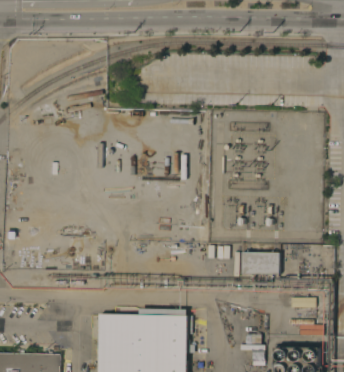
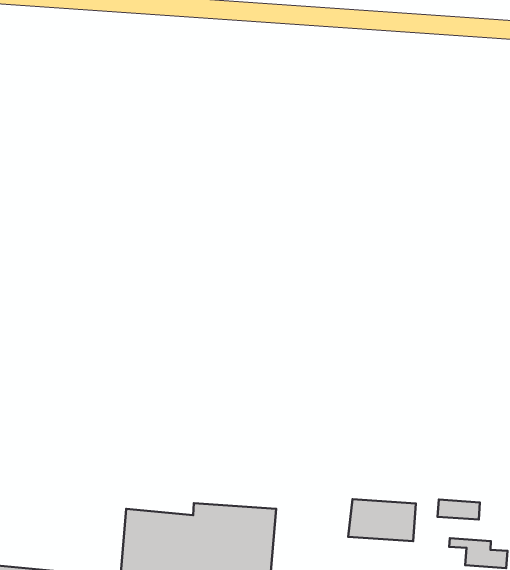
building: [242,252,280,274] -> [348,499,416,541]

